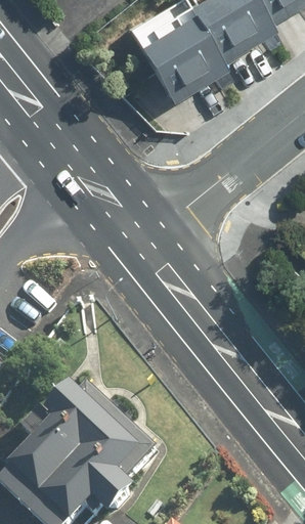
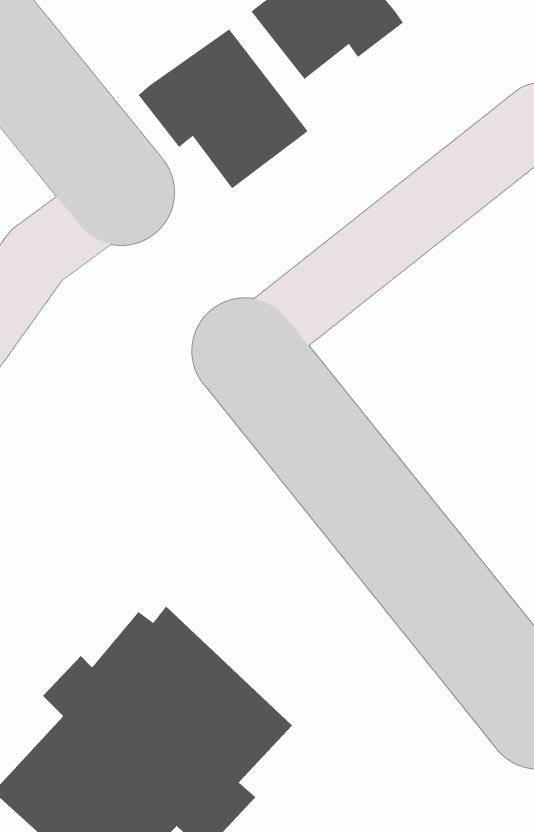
building: none -> [138,28,308,189]

